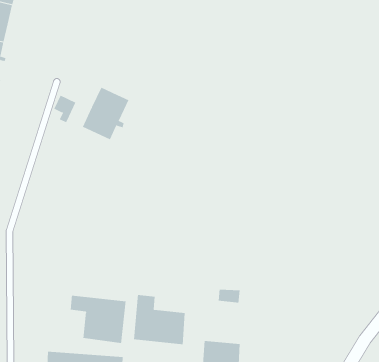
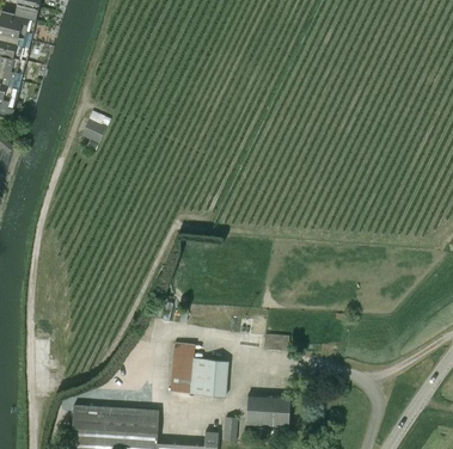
building: [82,87,129,140] -> none
building: [70,295,126,344] -> none

